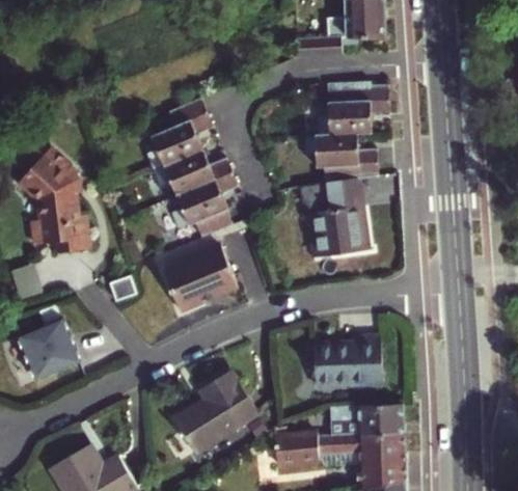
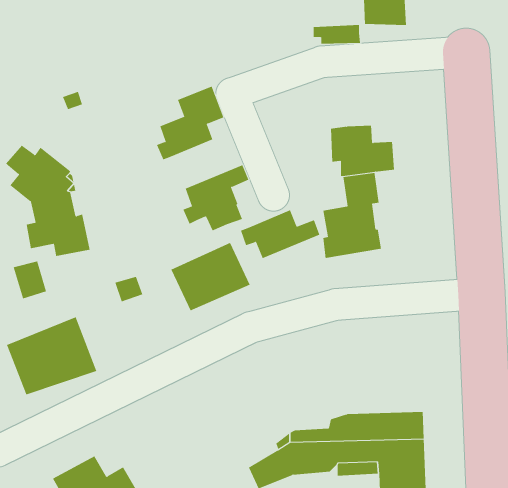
building: [327,81,390,134] -> none
building: [156,146,231,193] -> [240,210,320,259]
building: [316,335,383,386] -> none
building: [173,372,258,454] -> none

